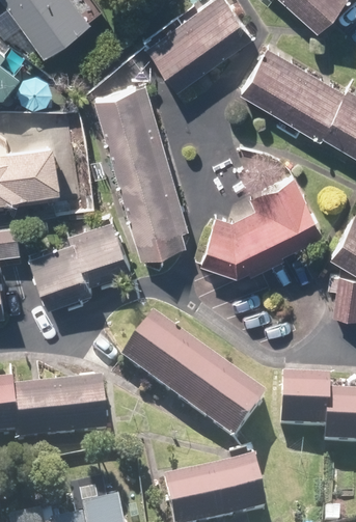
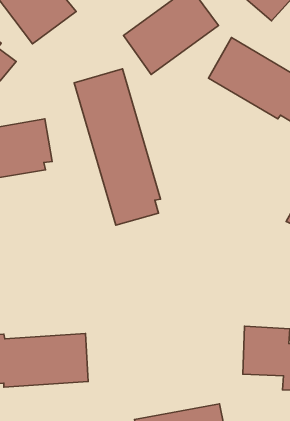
building: [201,174,325,274] -> none
building: [28,219,133,308] -> none
building: [117,315,267,442] -> none

